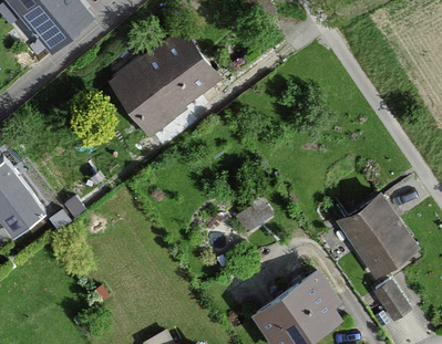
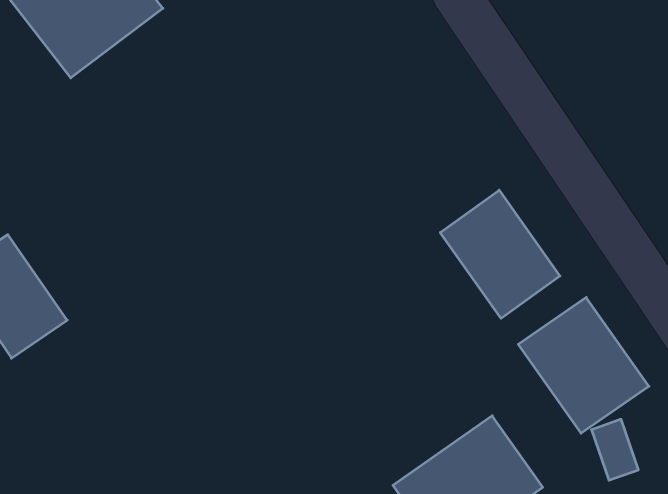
building: [110,25,223,133] -> none
building: none -> [440,190,560,318]

